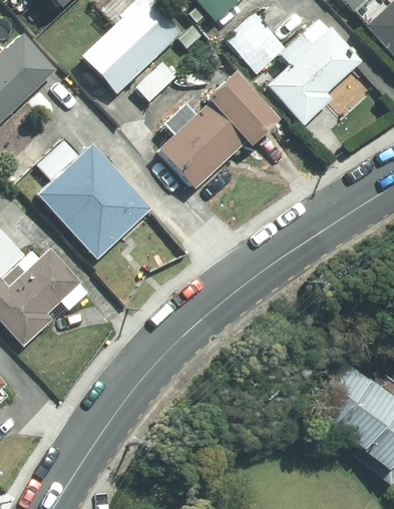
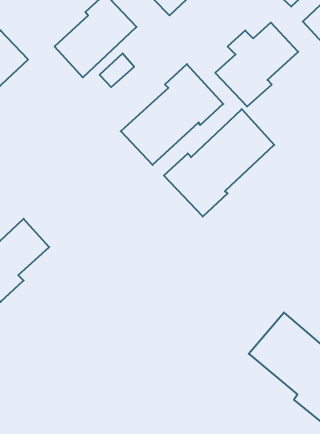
building: [227,14,284,72] -> none
building: none -> [164,109,274,217]
building: [41,147,149,257] -> none

